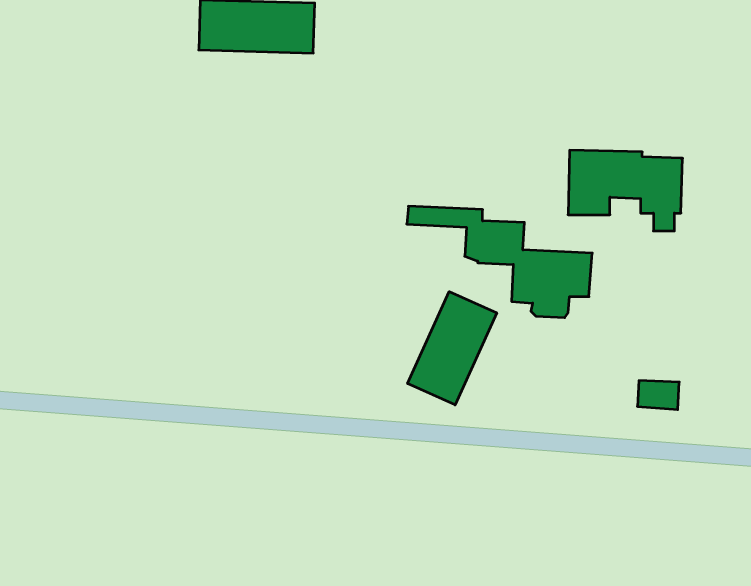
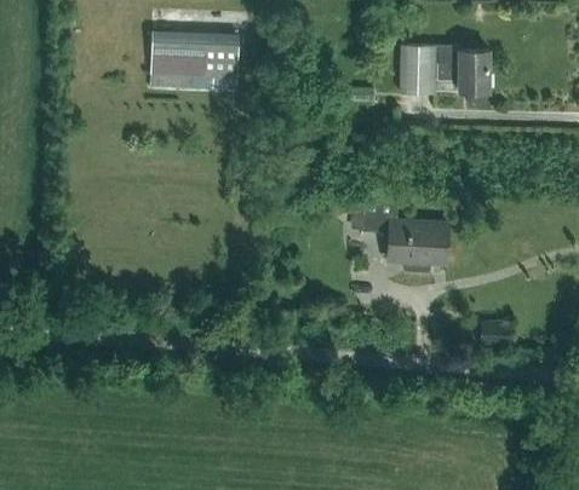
building: [568,150,683,231] -> [403,44,489,104]
building: [408,292,497,405] -> none

